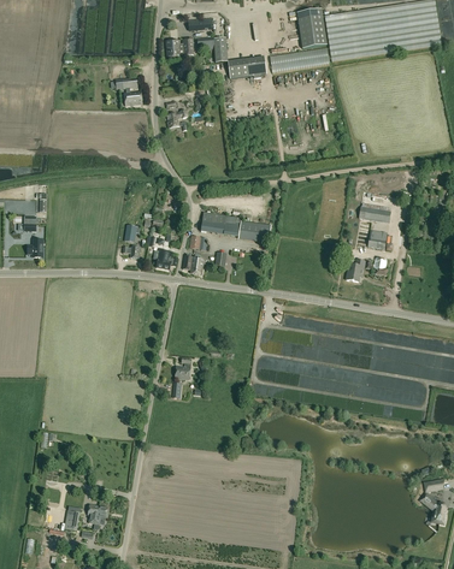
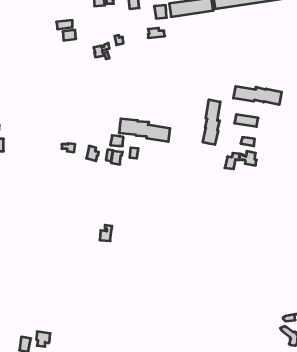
building: none -> [233,86,282,105]
building: none -> [203,100,220,145]

